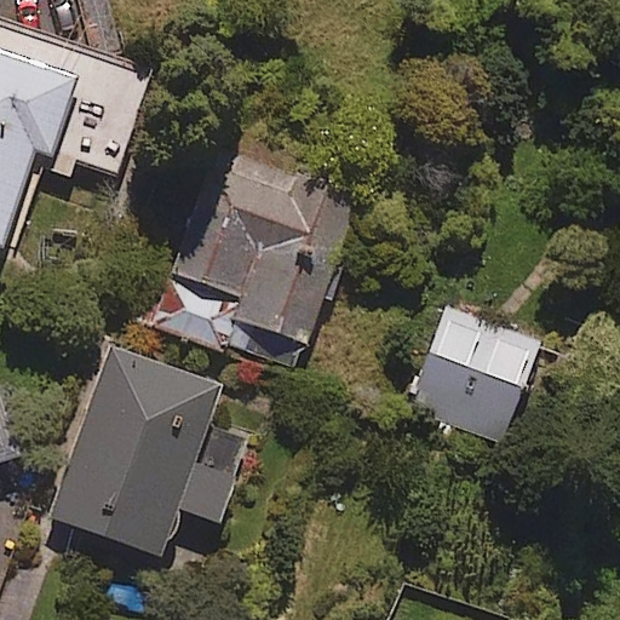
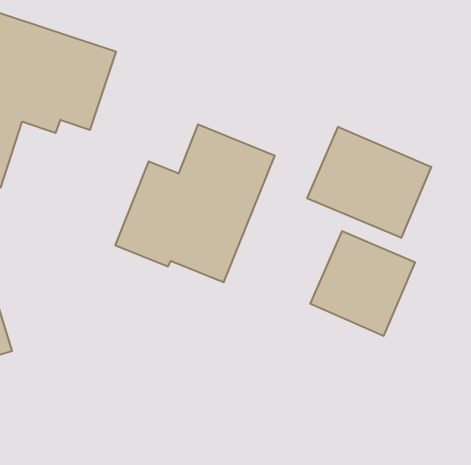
building: none -> [307,127,431,238]
building: [48,350,248,557] -> none

